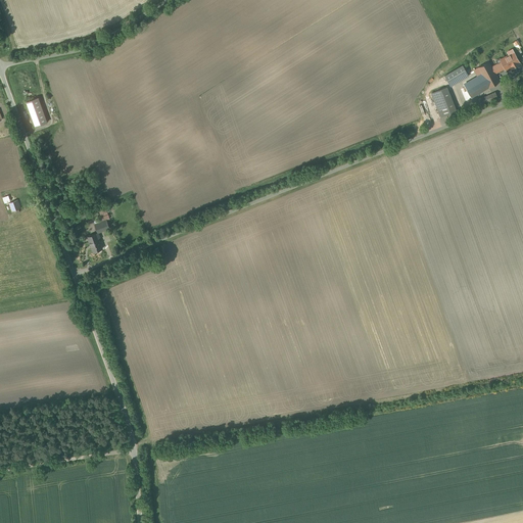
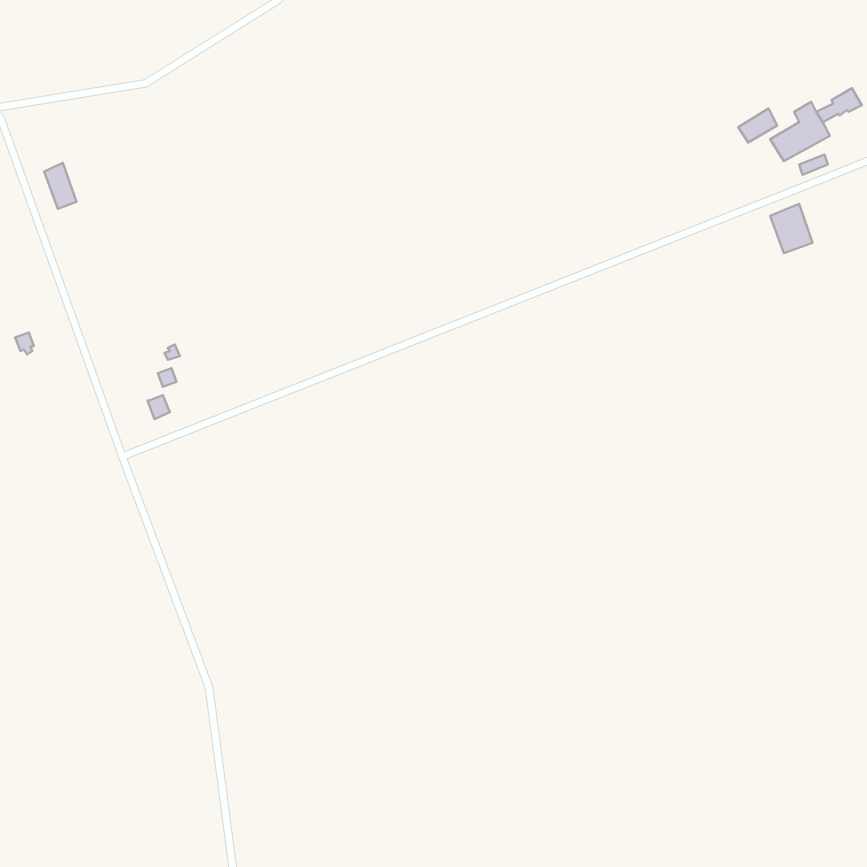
building: [432,88,458,117] -> [770,204,813,253]

